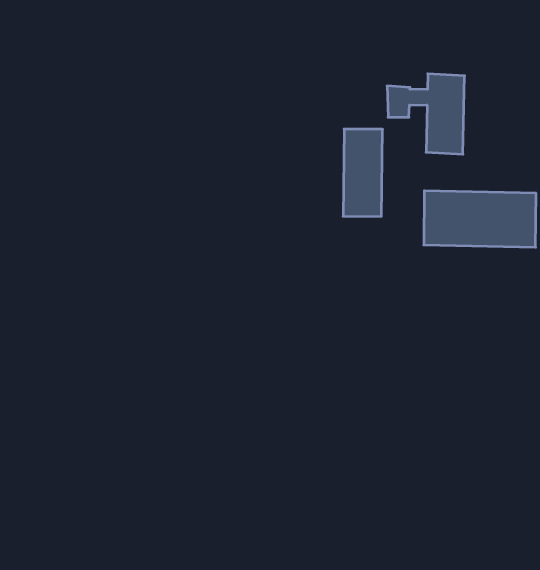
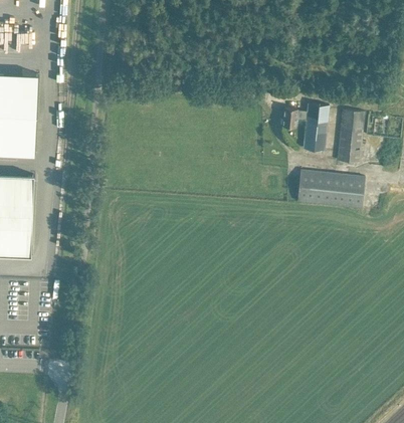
building: [343,129,383,216] -> [337,111,364,163]

